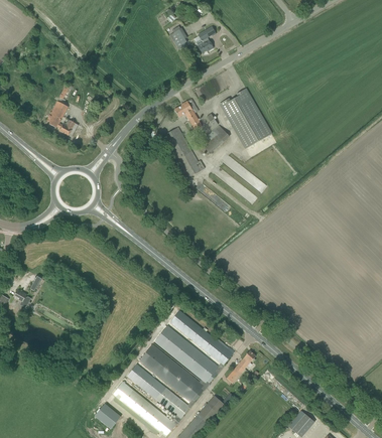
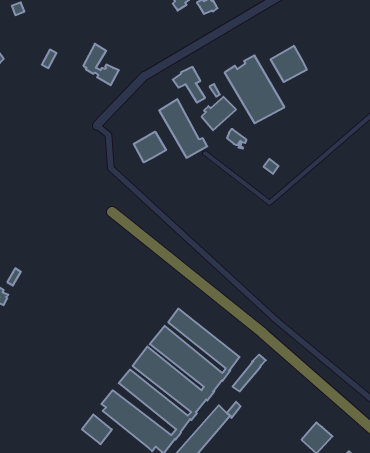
building: none -> [271,46,307,82]
building: [47,101,79,137] -> [83,44,119,85]
building: none -> [134,132,166,162]

